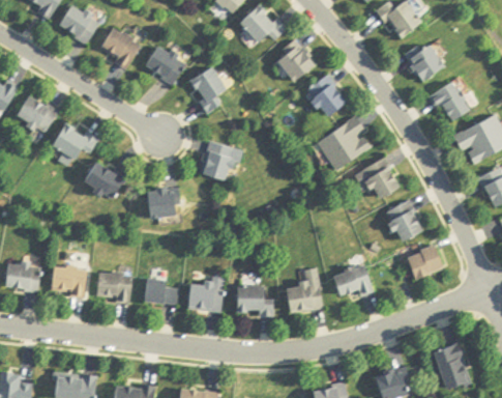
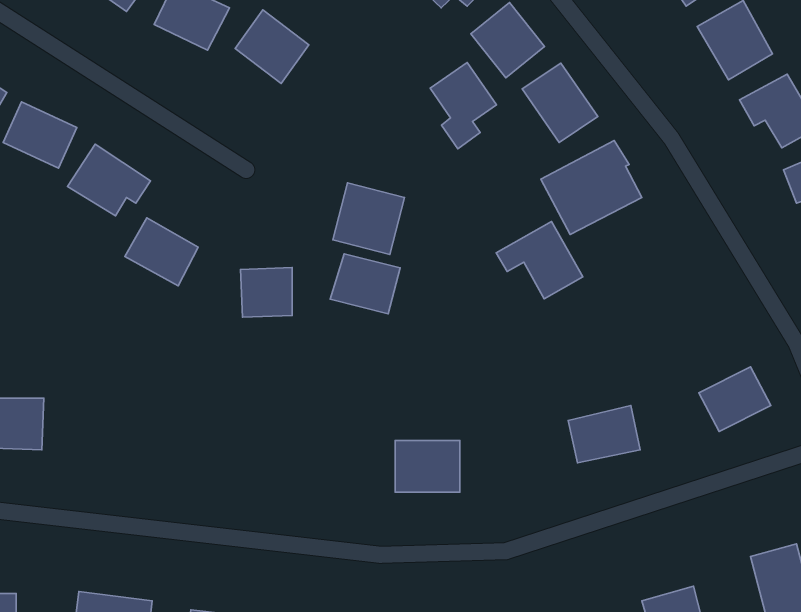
building: [190,66,228,115] -> [430,62,497,149]
building: [353,157,402,200] -> [496,222,583,299]
building: none -> [330,254,400,314]
building: [386,200,424,244] -> none
building: [49,267,83,294] -> none
building: [284,269,321,313] -> none
building: [94,273,128,301] -> none
building: [140,277,178,308] -> none
building: [186,282,222,313] -> none

